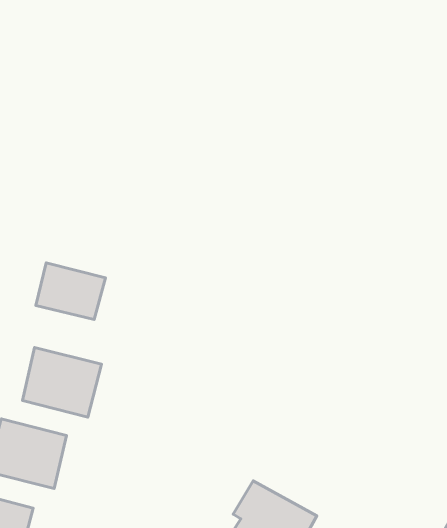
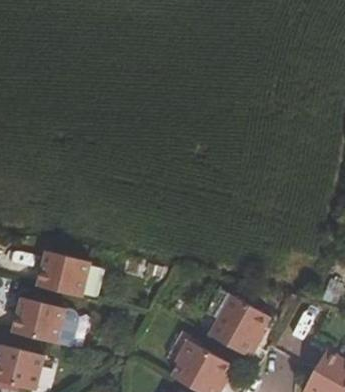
building: [36,263,106,320] -> none
building: none -> [208,296,267,357]

